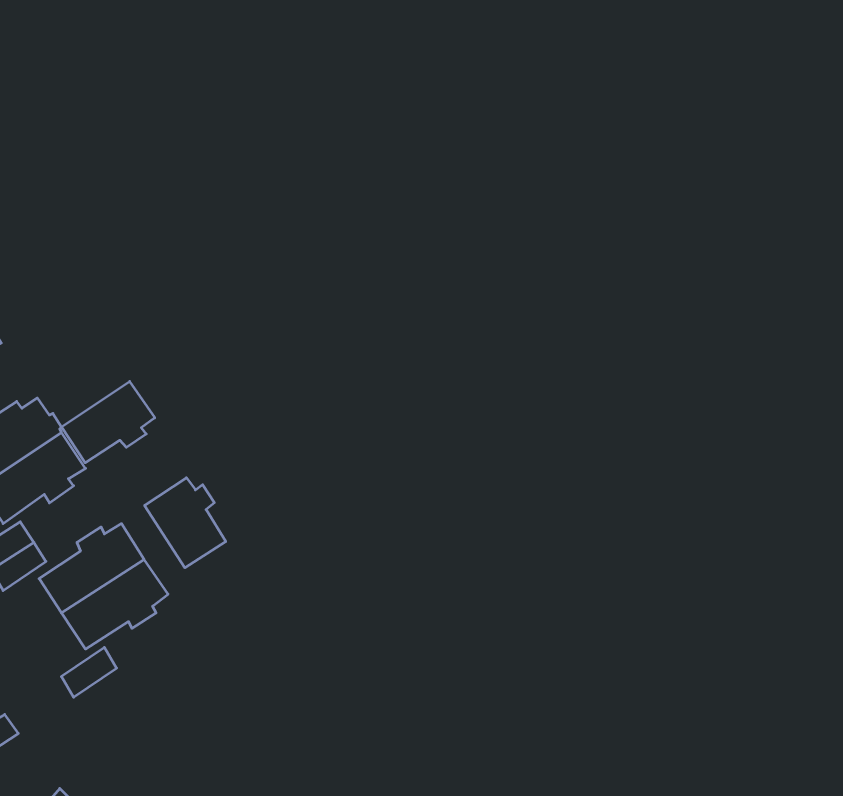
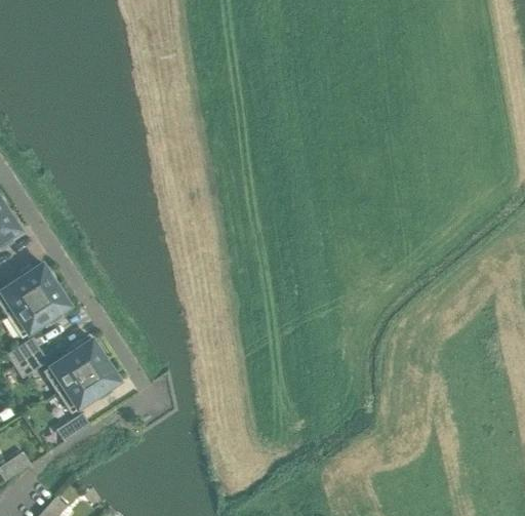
building: [61,381,155,463] -> none
building: [145,478,226,568] -> none

